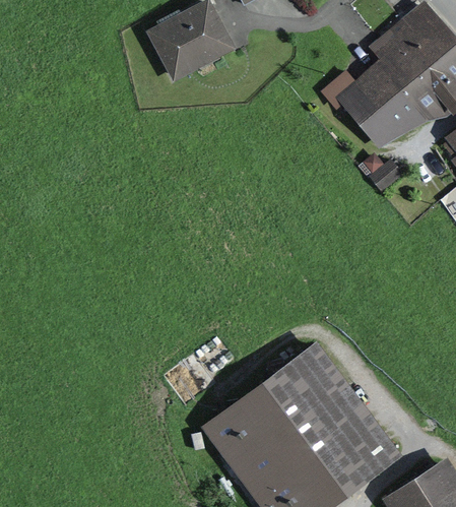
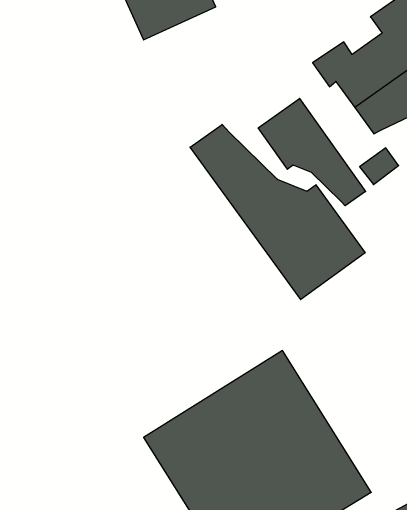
building: none -> [258,98,366,206]
building: none -> [190,124,365,300]

